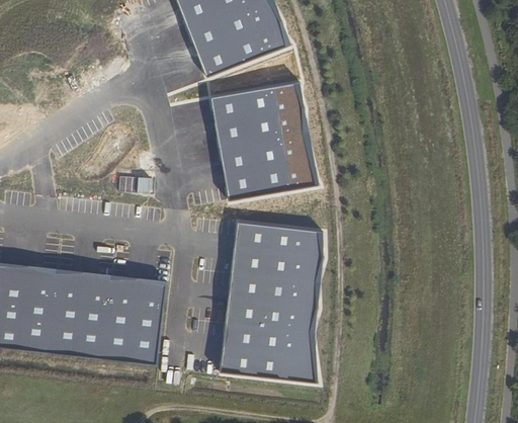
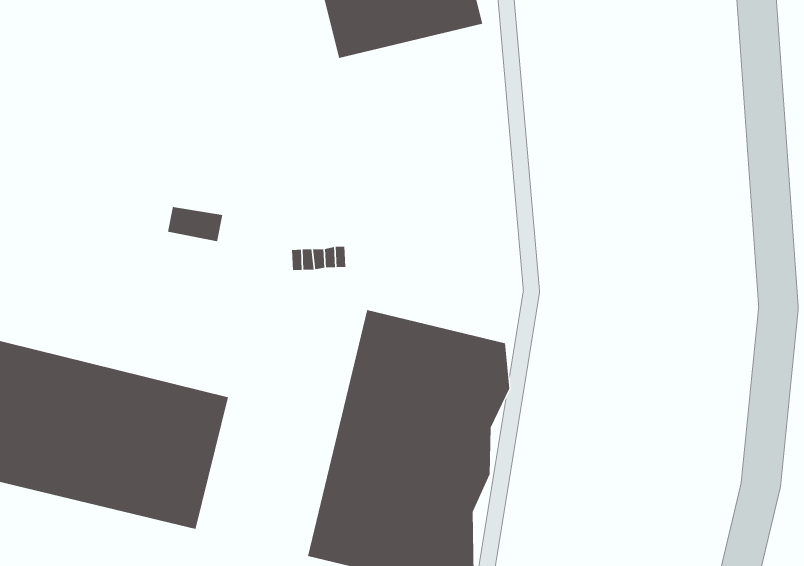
building: [207,80,318,201] -> none

